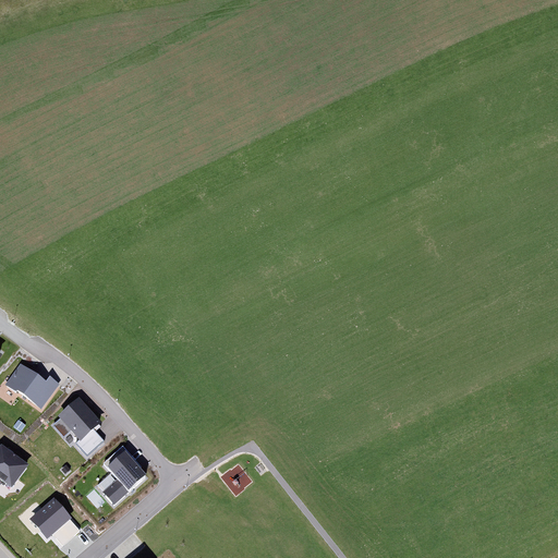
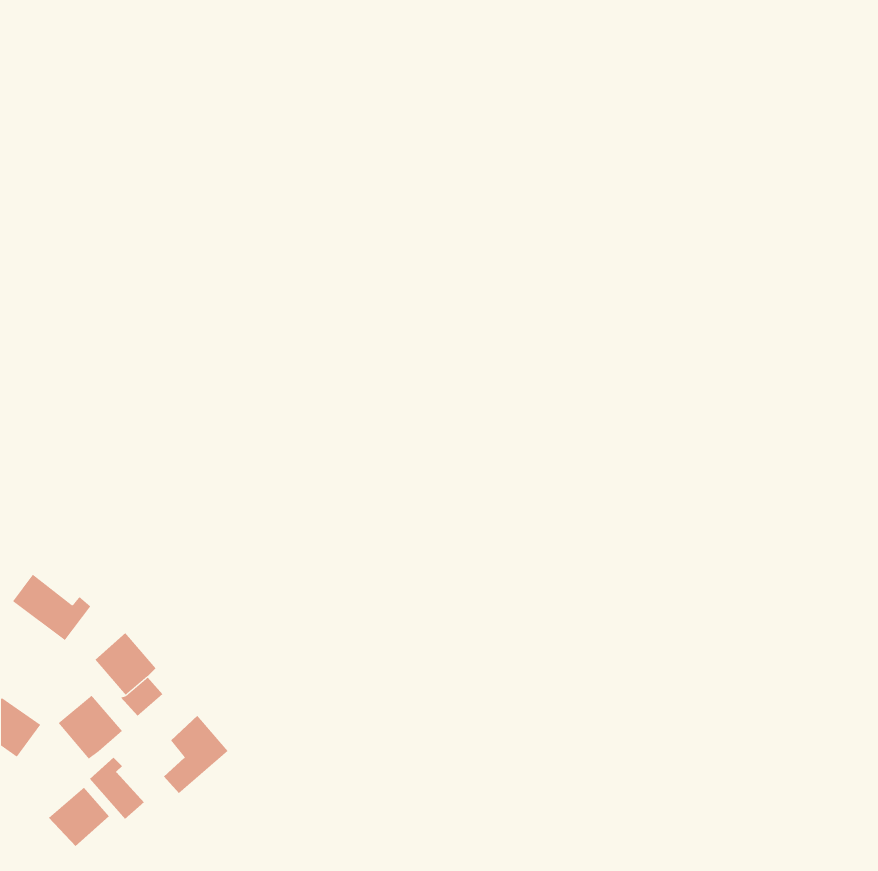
building: none -> [58,695,123,759]
building: none -> [89,757,145,820]

